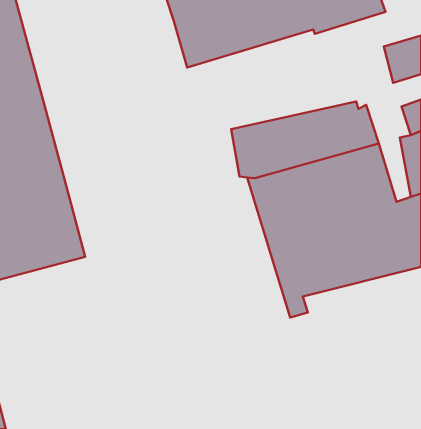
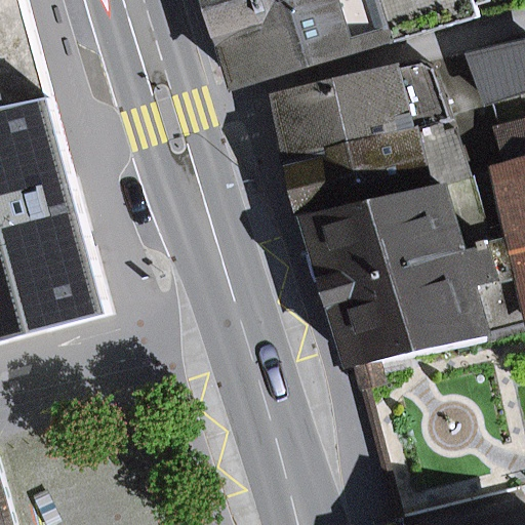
building: none -> [270,62,442,157]

